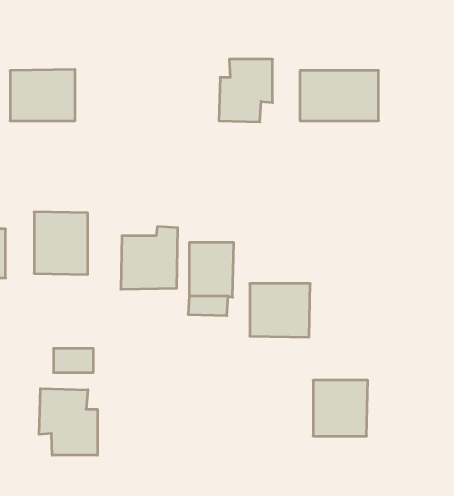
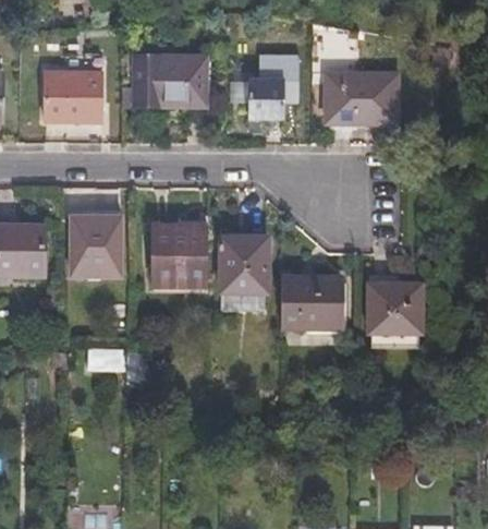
building: none -> [123,59,207,108]
building: [313,380,368,436] -> [363,286,415,339]
building: [39,389,97,455] -> none

